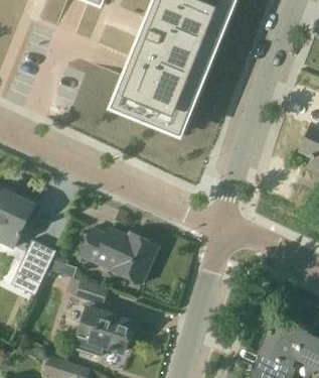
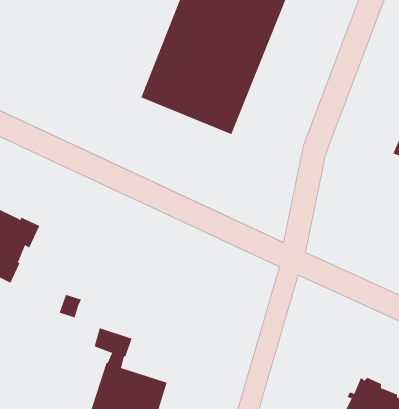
building: [79,227,159,283] -> none
building: [11,240,55,295] -> none

